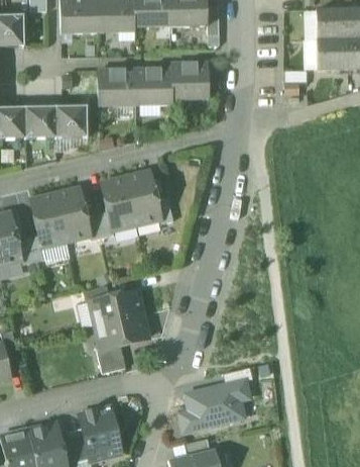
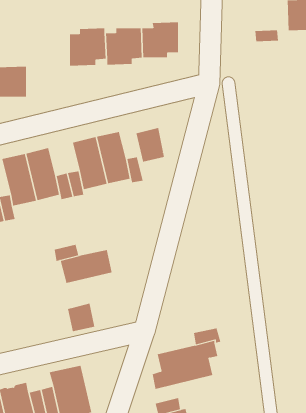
building: [55,105,87,137] -> none
building: none -> [136,127,165,163]
building: [95,313,147,349] -> none

